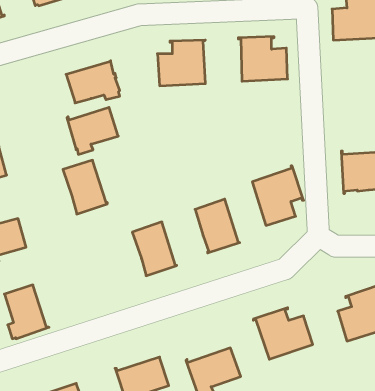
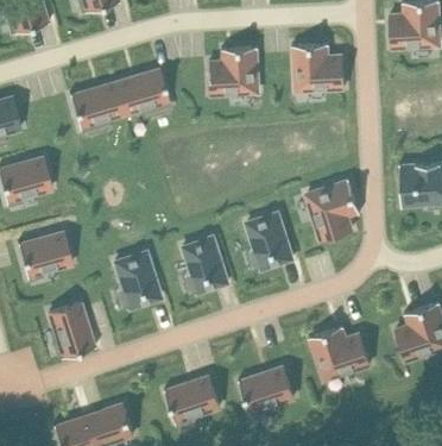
building: [67,107,118,154] -> [69,82,122,131]
building: [63,160,107,214] -> [114,251,160,307]

